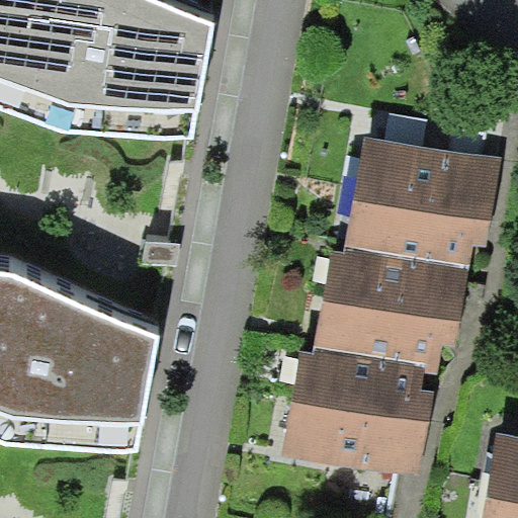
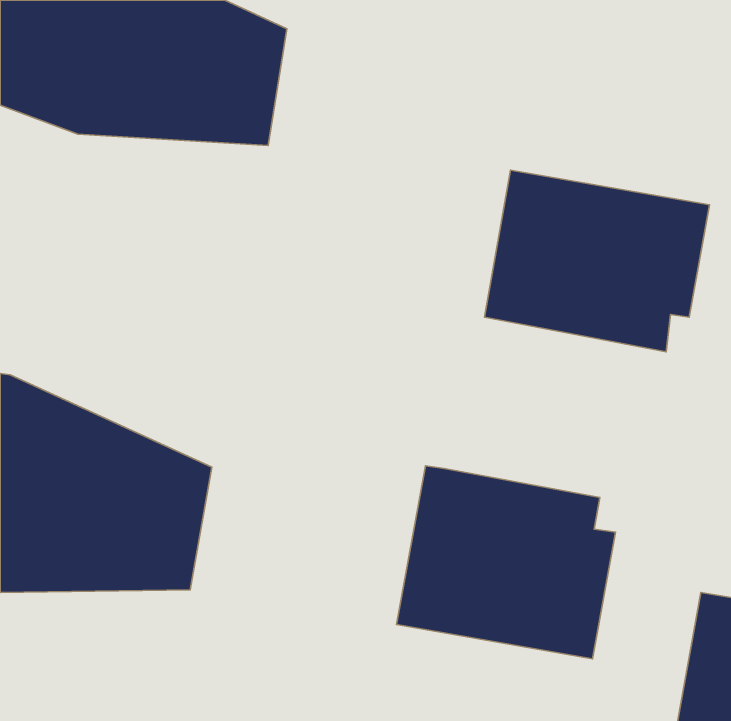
building: [316,232,471,362] -> none

